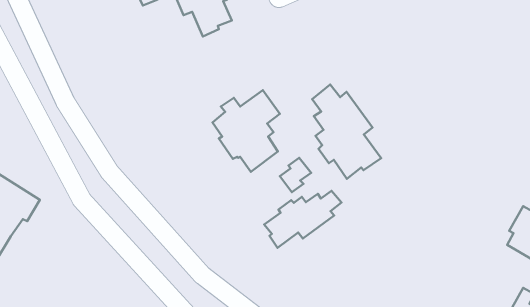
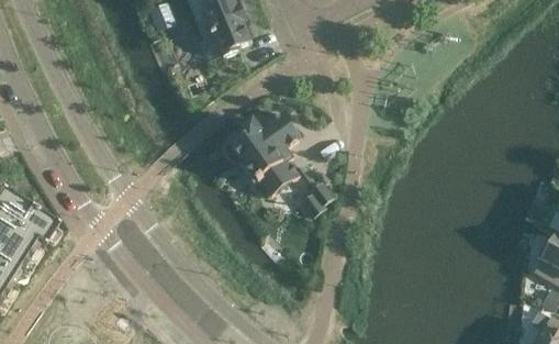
building: [312,84,381,179] -> none
building: [264,191,342,248] -> none

